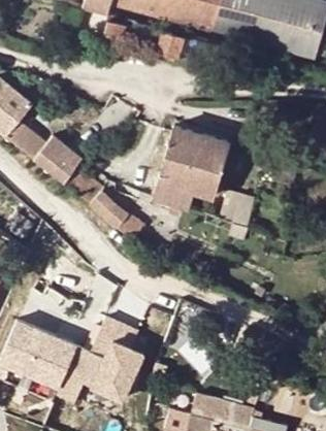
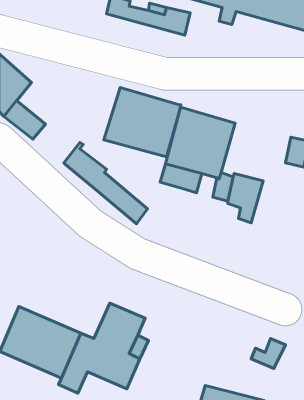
building: none -> [104,87,181,157]
building: [32,133,80,179] -> none

